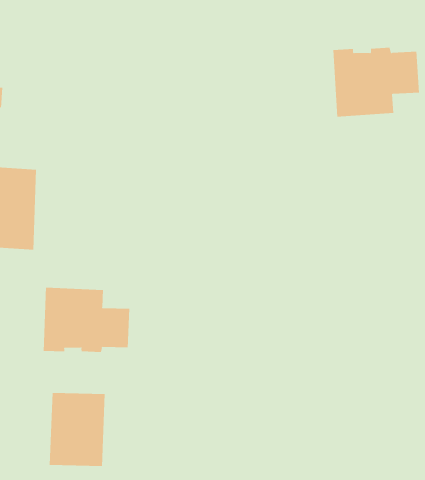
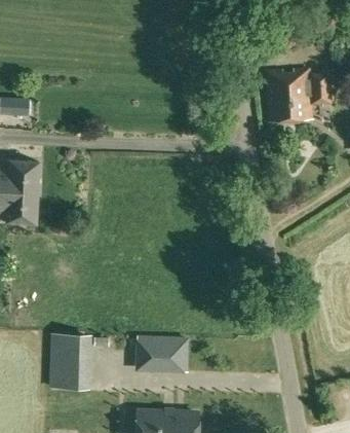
building: [43,287,130,353] -> none
building: none -> [135,335,189,371]

